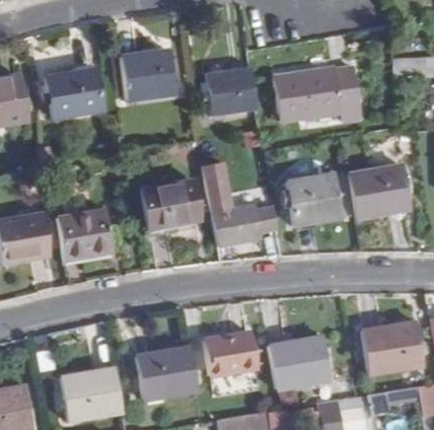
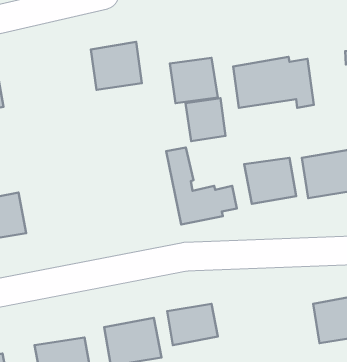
building: [47,70,102,118] -> none
building: none -> [186,98,225,141]
building: [143,182,199,229] -> none
building: [56,209,113,261] -> none
building: [268,337,330,388] -> none

